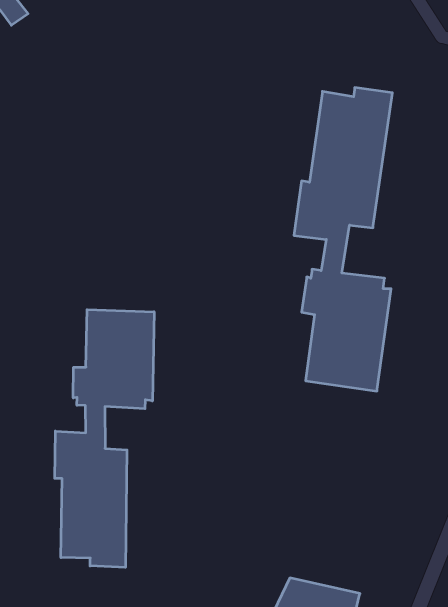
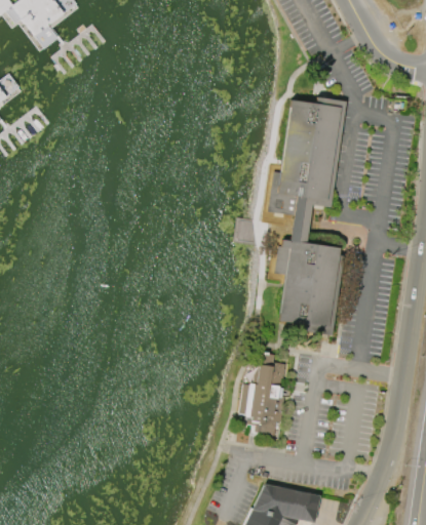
building: [55,310,154,567] -> none
building: none -> [238,353,291,437]

